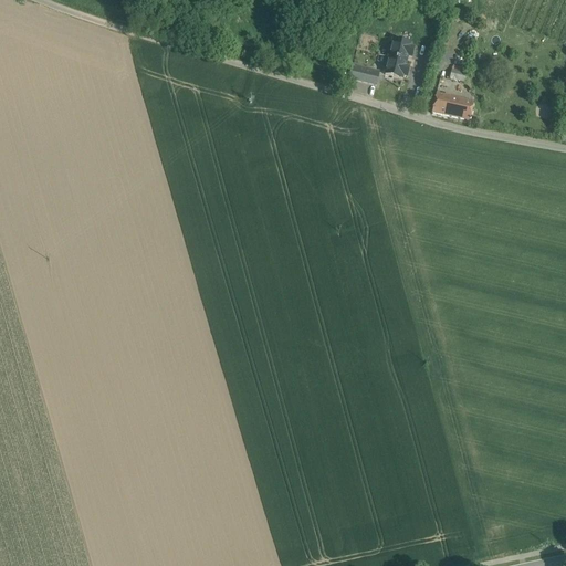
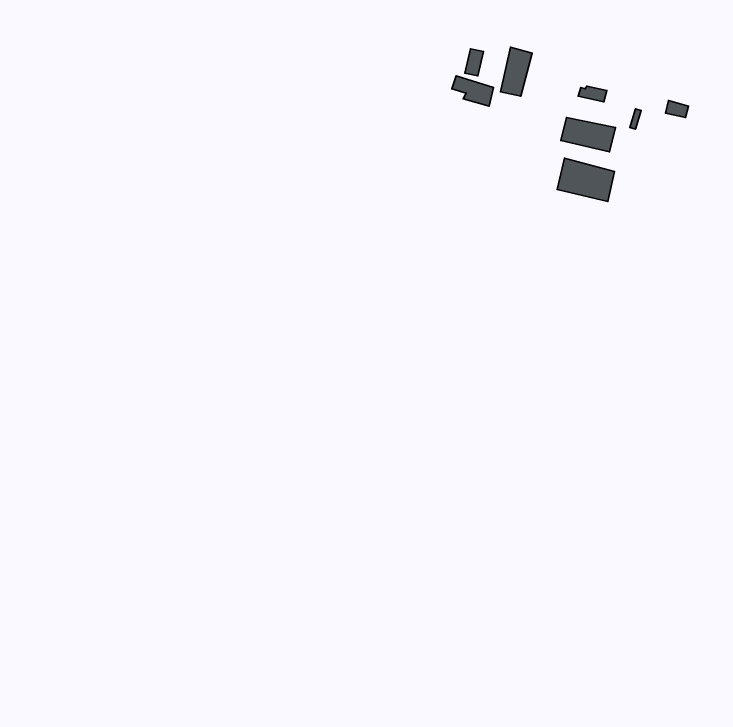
building: none -> [557,158,614,202]

